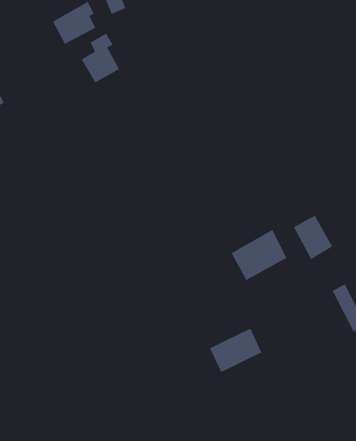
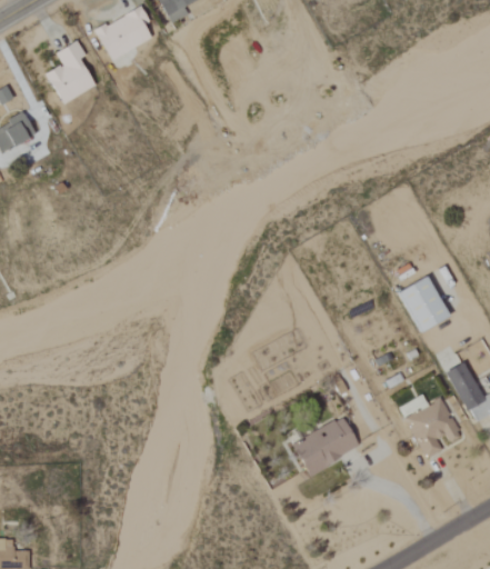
building: [81,33,120,83] -> [46,41,94,104]
building: [231,229,287,281] -> none
building: none -> [406,399,462,459]

